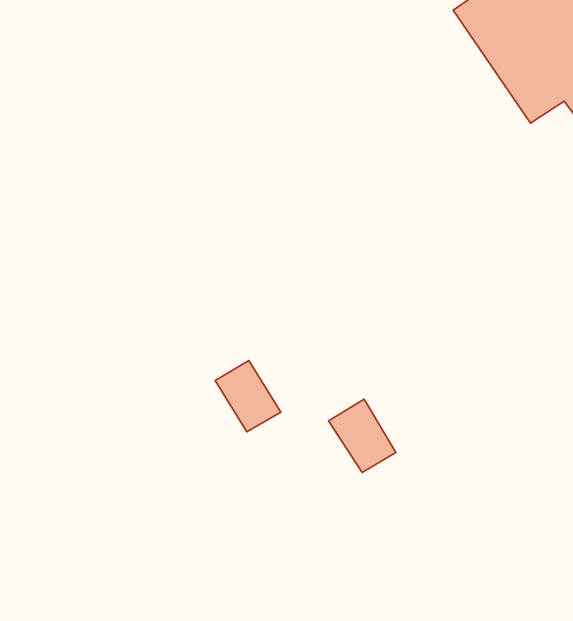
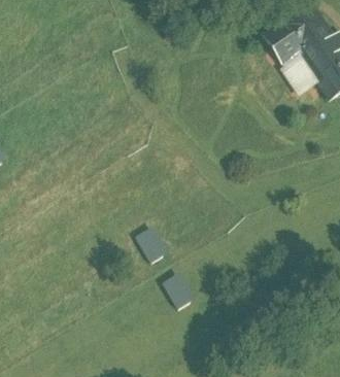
building: [329,399,396,472] -> [161,269,196,307]

